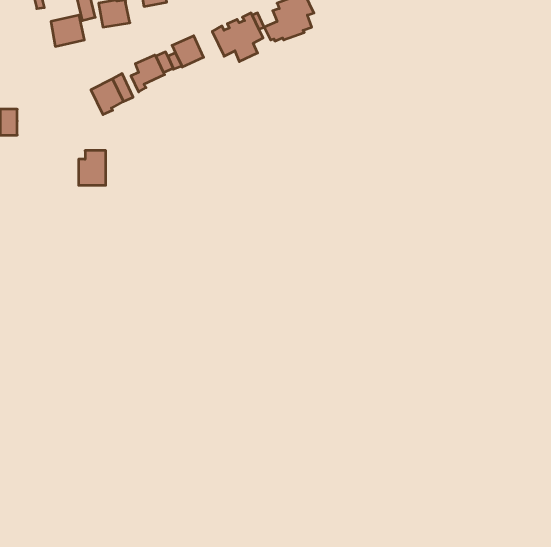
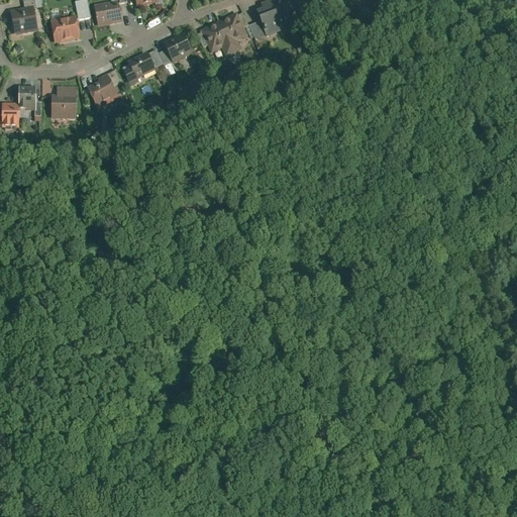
building: none -> [10,6,38,35]
building: none -> [18,84,35,113]
building: [79,151,106,185] -> [51,87,77,119]

